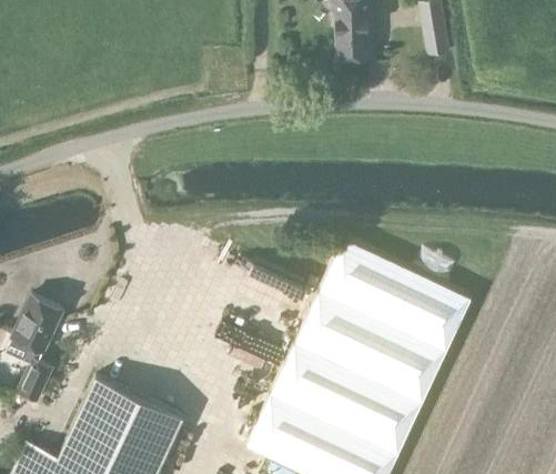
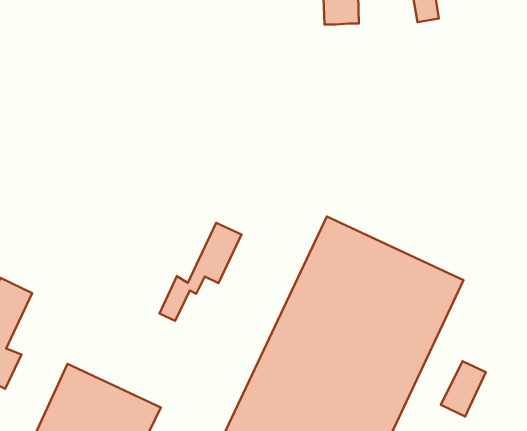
building: none -> [160,223,242,321]
building: none -> [441,361,486,416]

